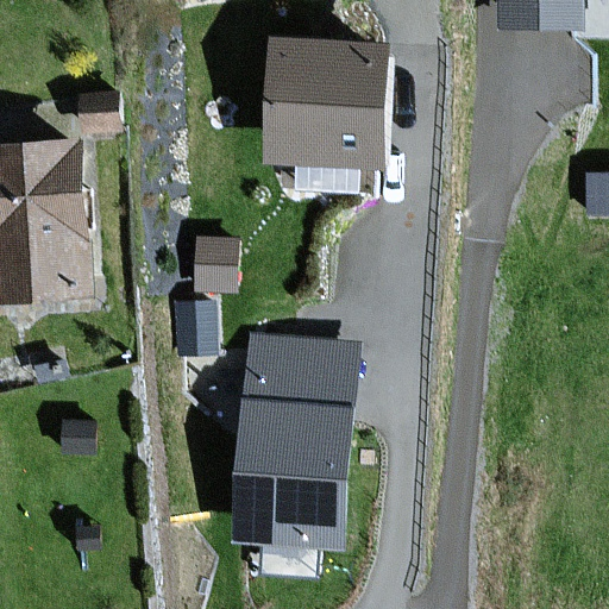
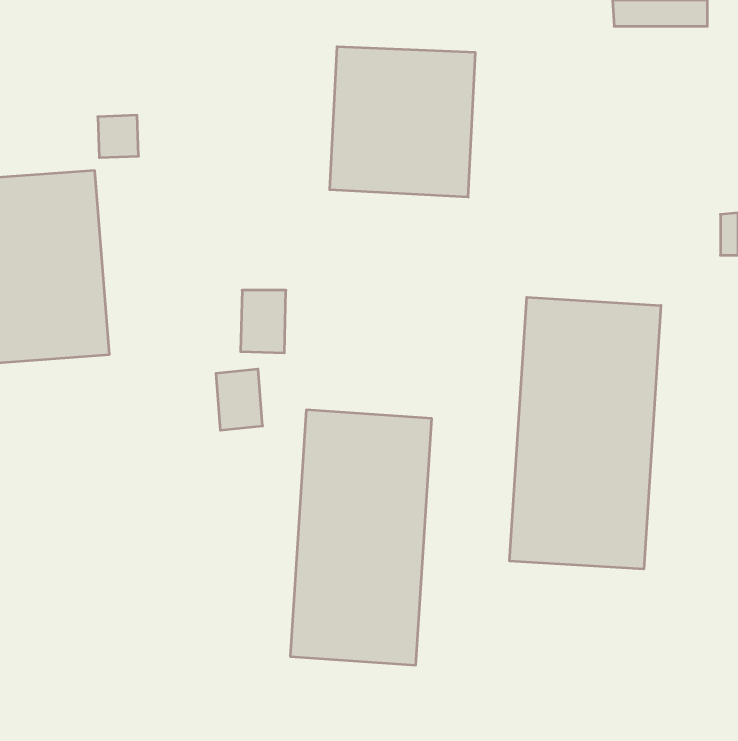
building: none -> [510,297,661,569]

